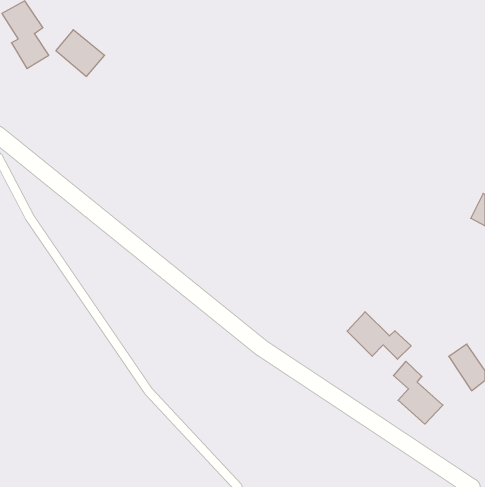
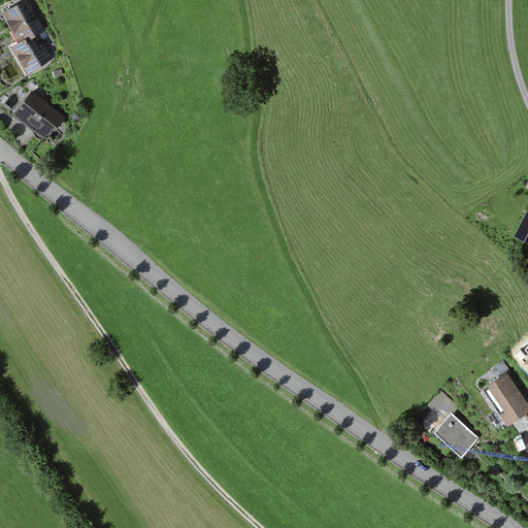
building: [56,30,105,76] -> [12,89,65,139]
building: [347,312,411,359] -> none

